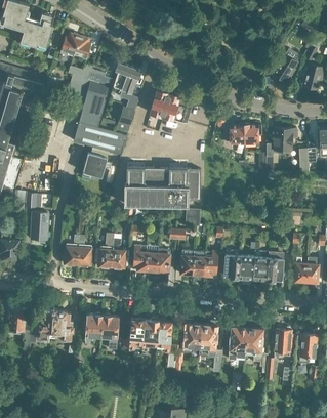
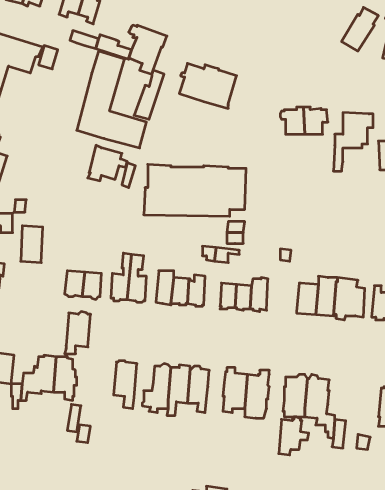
building: [222,250,241,280] -> none
building: [83,312,103,344] -> [65,312,91,354]
building: [274,327,296,356] -> [279,417,309,455]

